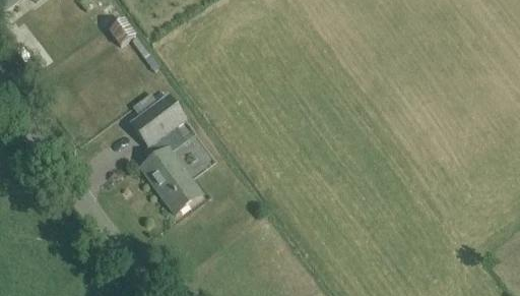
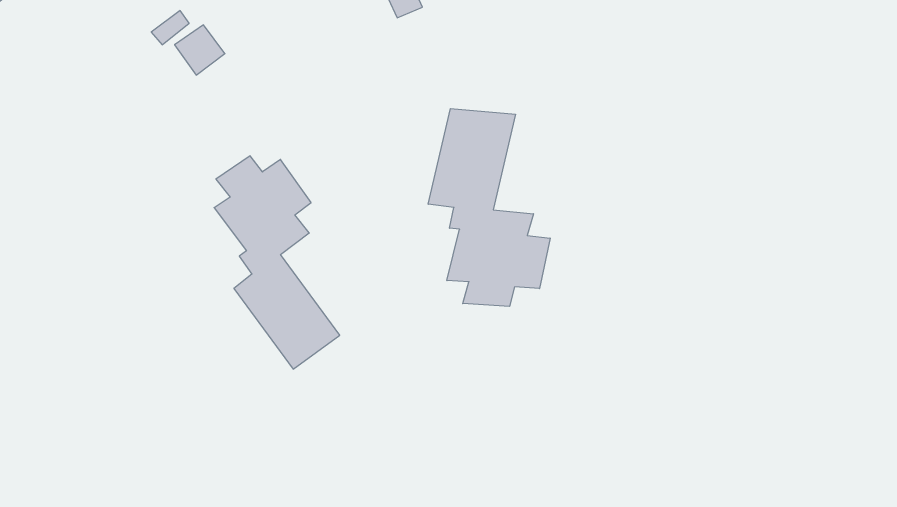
building: none -> [428,109,550,306]

